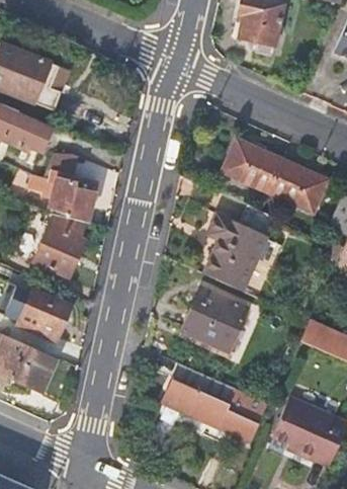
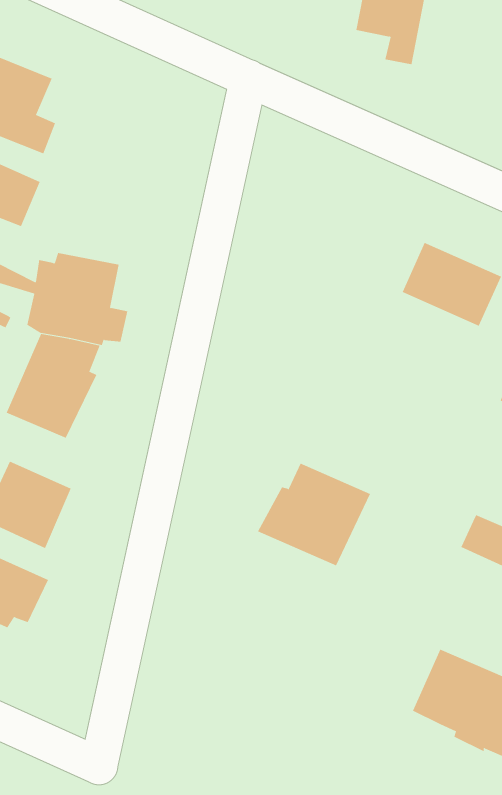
building: [224,142,279,189] -> none
building: [200,216,266,294] -> none
building: [162,377,265,439] -> none

